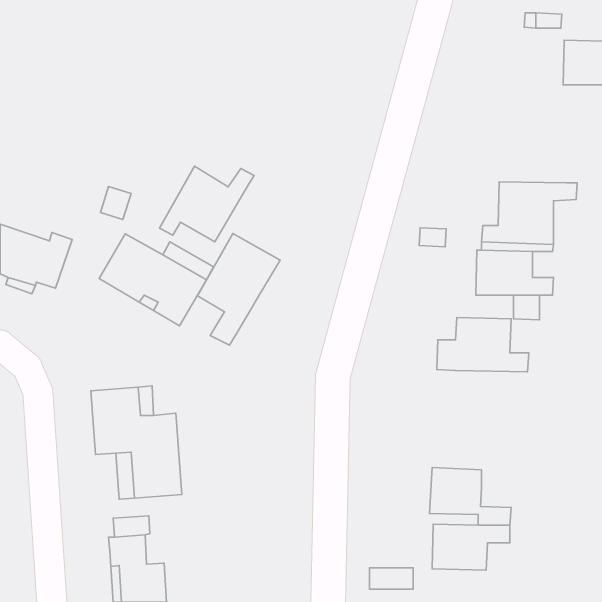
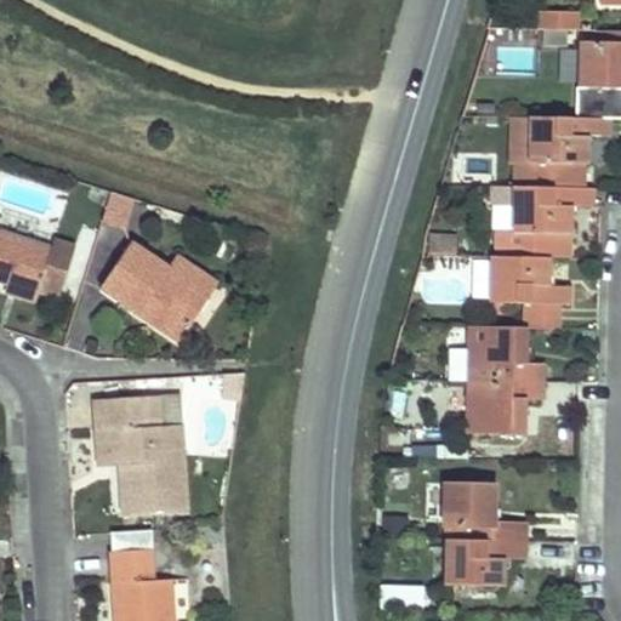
building: none -> [509,115,610,188]
building: [159,166,254,242] -> none
building: [197,234,280,345] -> none
building: none -> [468,381,543,434]

